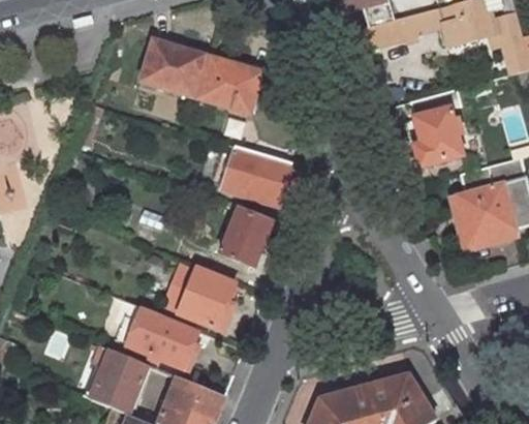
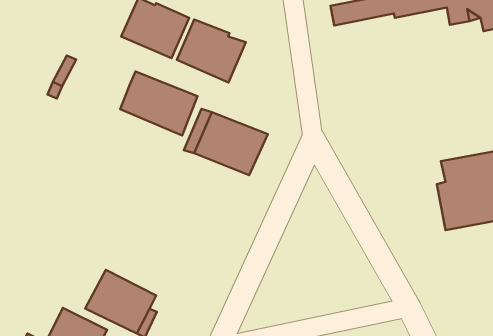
building: [401,94,459,166] -> none
building: none -> [120,71,197,135]
building: [219,207,272,265] -> none
building: [166,267,242,331] -> none

